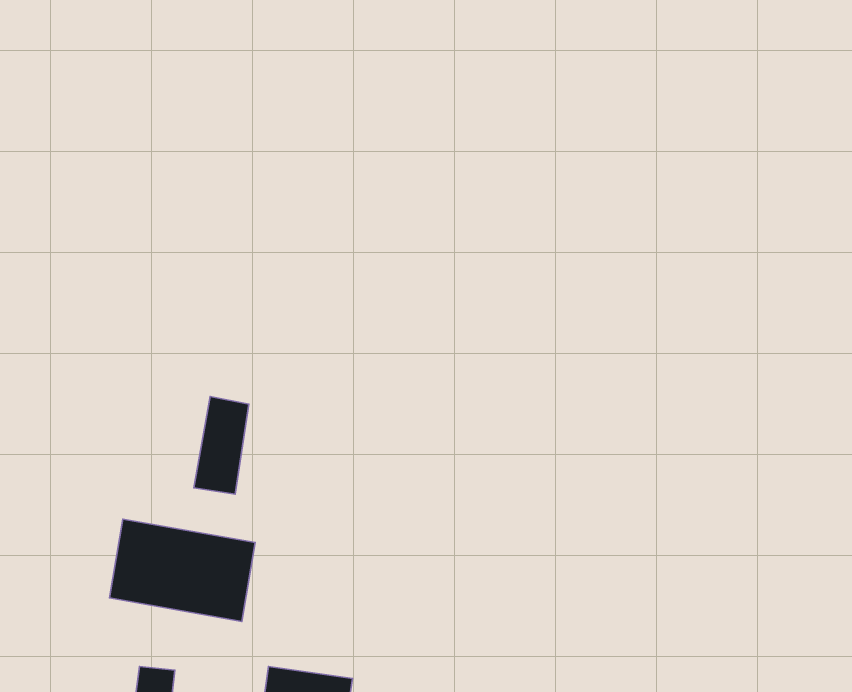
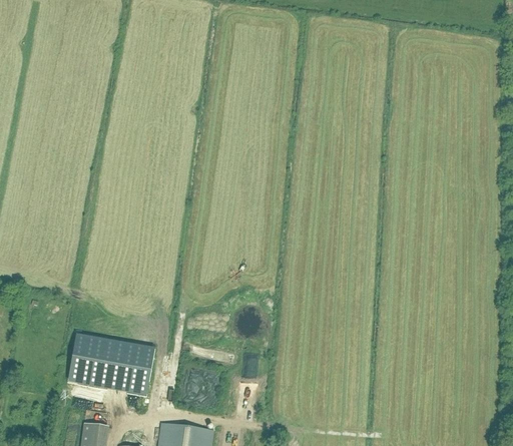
building: [194,397,249,494] -> none

